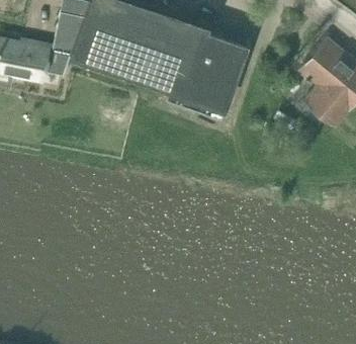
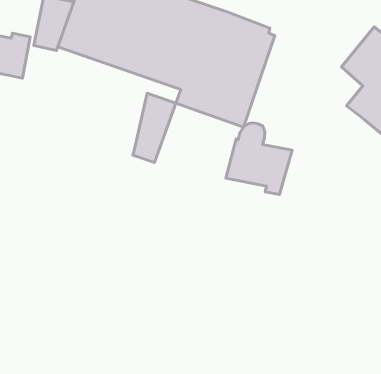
building: none -> [133,93,176,162]
building: none -> [226,123,292,194]

